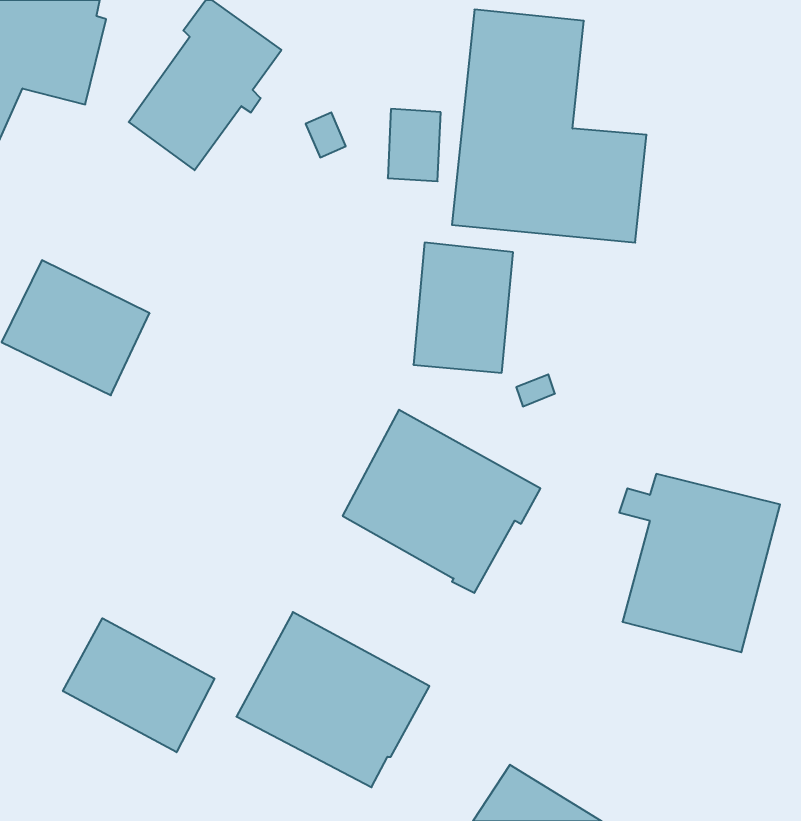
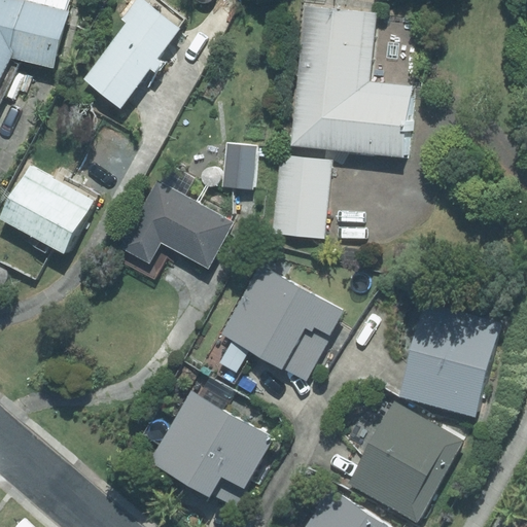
building: [388,109,441,181] -> [221,143,255,189]
building: none -> [120,165,234,269]
building: [63,618,214,752] -> none
building: none -> [348,403,462,521]

